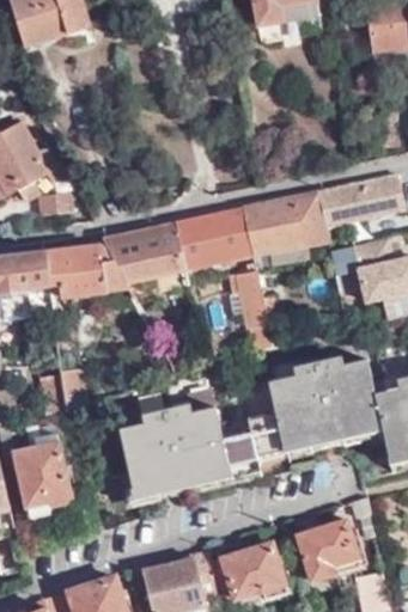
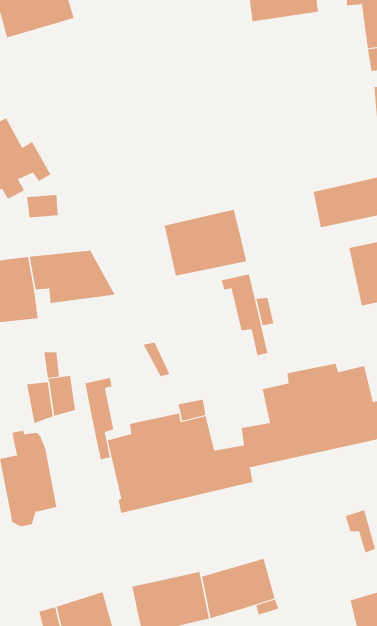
building: [242,190,327,256] -> none
building: [99,222,187,296] -> none
building: none -> [85,377,114,460]
building: [298,521,357,580] -> none

